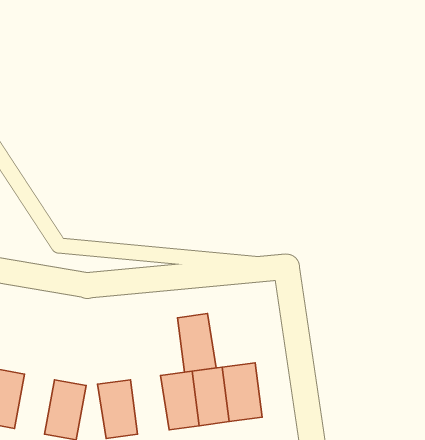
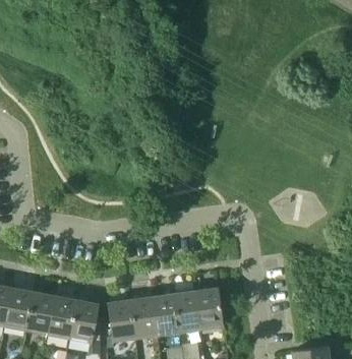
building: [177,314,216,372] -> [129,298,157,340]
building: none -> [47,297,75,340]

